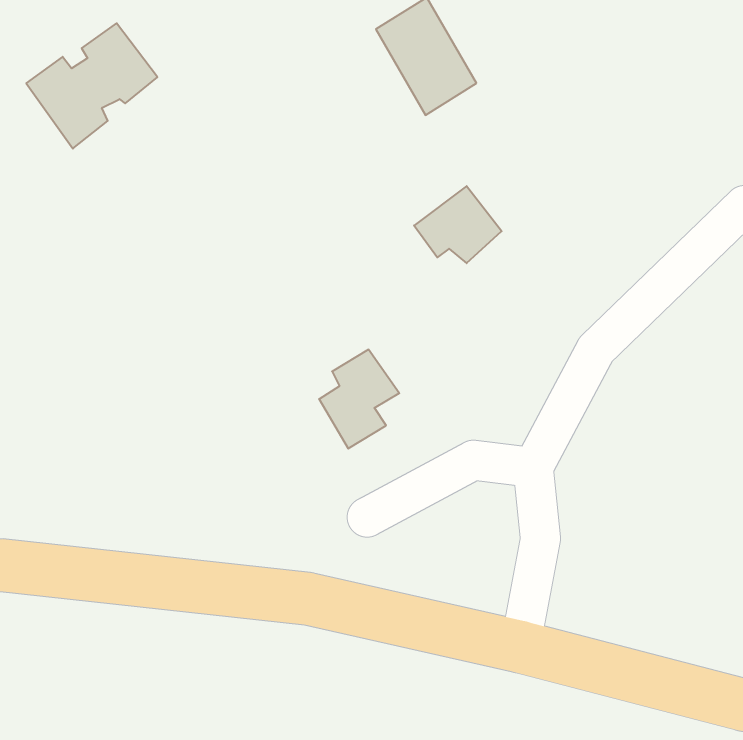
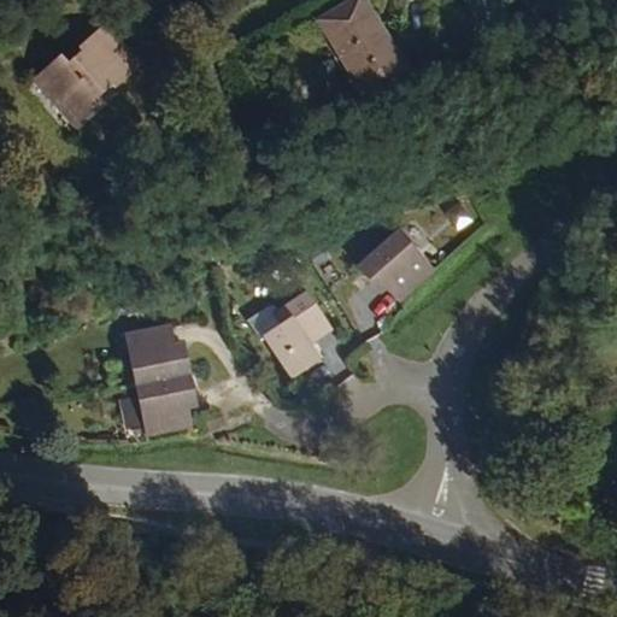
building: [414,186,502,263] -> [365,235,437,299]
building: none -> [127,330,202,431]

